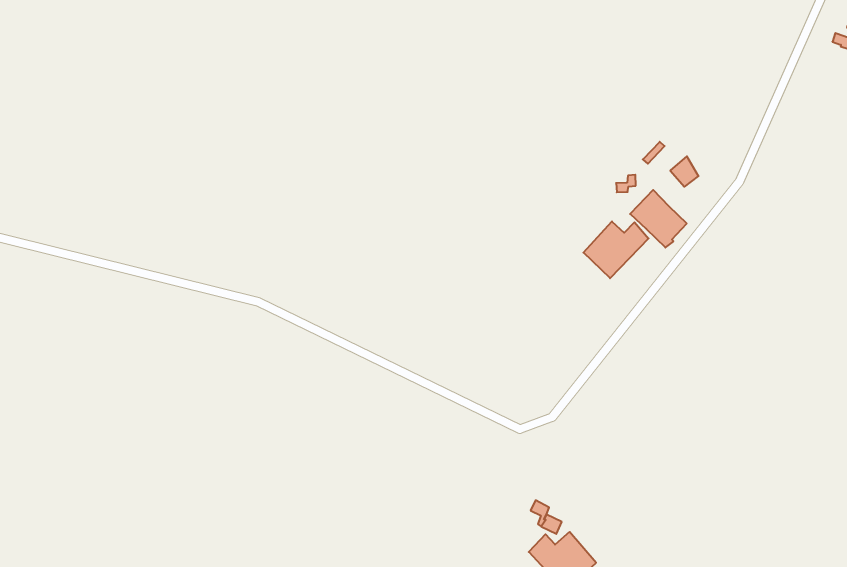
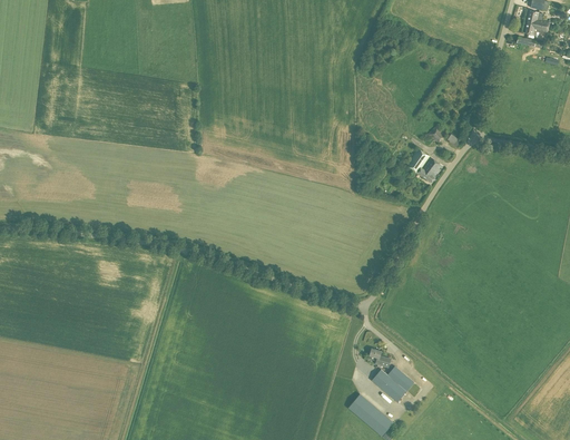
building: [583,221,649,278] -> none

